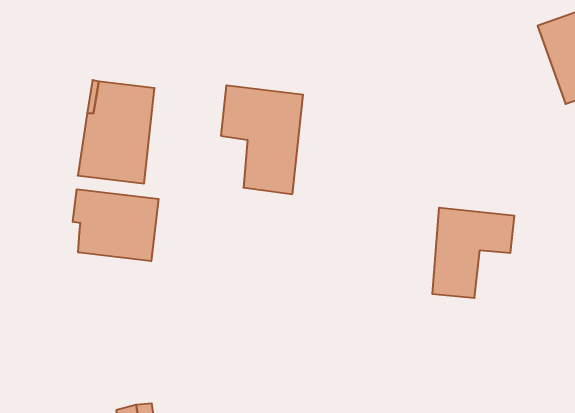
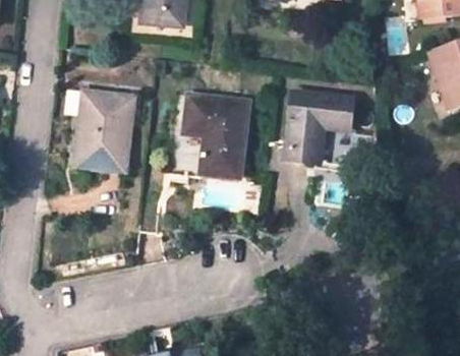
building: [73,189,159,261] -> none
building: [432,208,514,298] -> [287,93,350,162]

